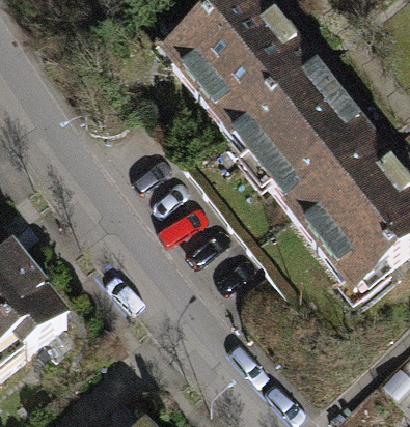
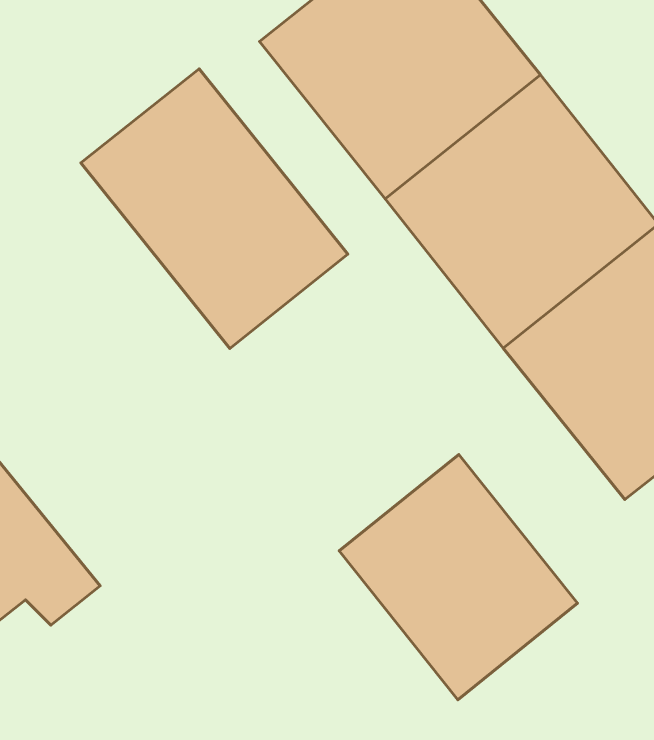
building: none -> [81,69,348,348]
building: none -> [339,454,578,700]

